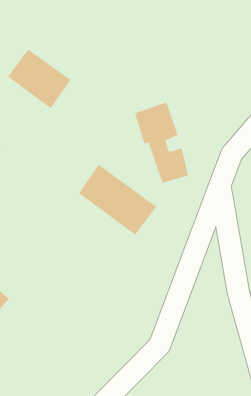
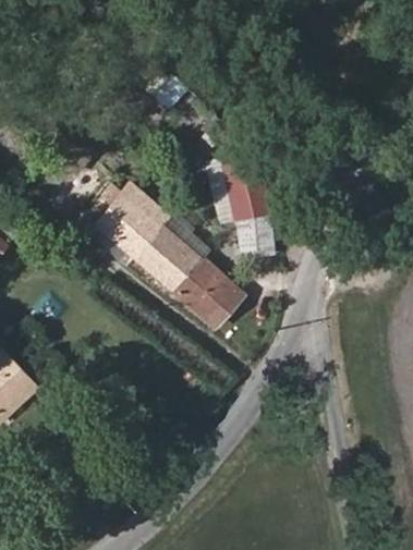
building: [7,49,71,109] -> [87,184,168,262]

